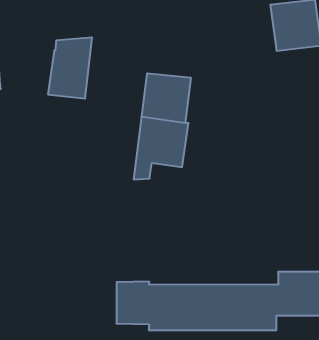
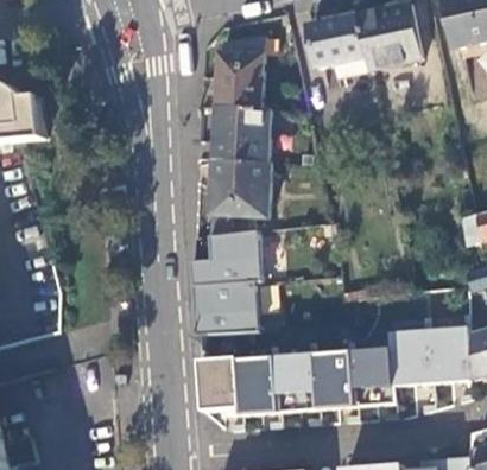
building: none -> [309,13,366,65]
building: [48,37,92,98] -> [215,34,263,108]
building: none -> [191,230,260,335]

